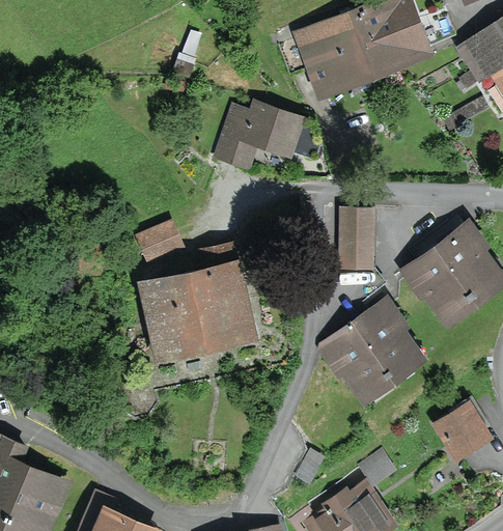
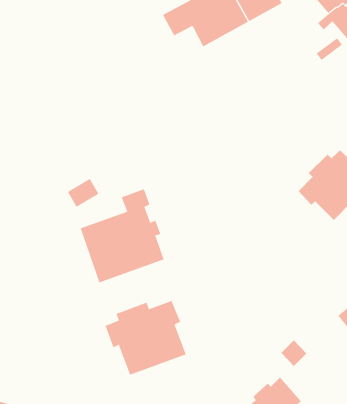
building: [220,105,319,164] -> none
building: [340,207,371,268] -> none
building: [329,308,414,391] -> none
building: none -> [105,300,187,375]

